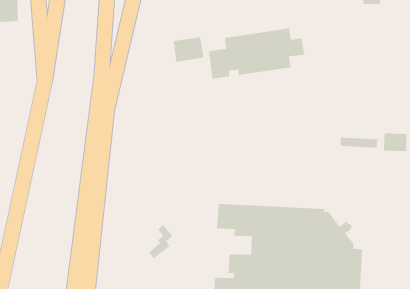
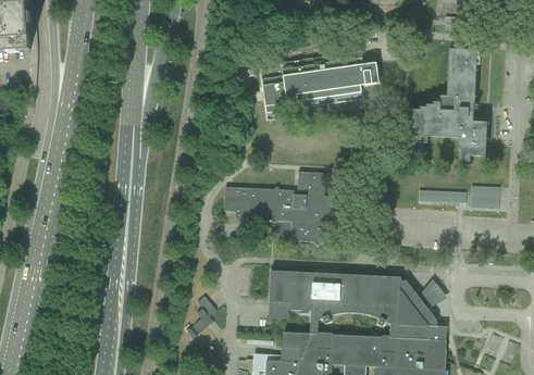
building: none -> [406,49,486,157]
building: [173,36,204,63] -> none
building: none -> [224,172,337,246]

